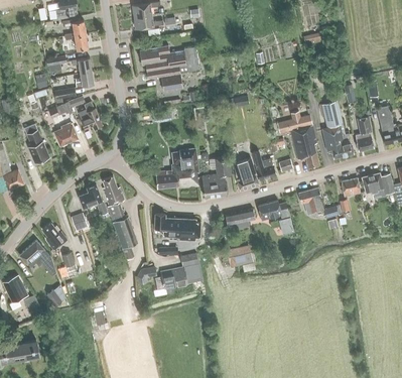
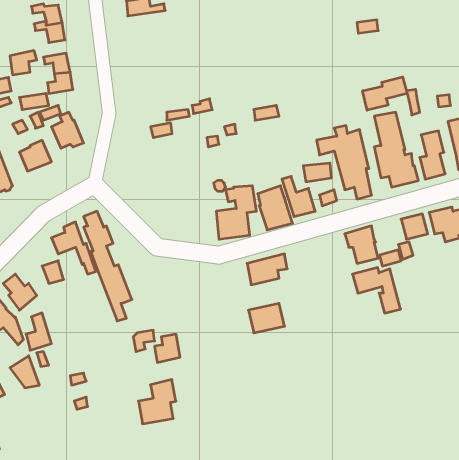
building: [139,44,199,91] -> none
building: none -> [363,77,407,110]
building: [155,147,198,188] -> none
building: [258,200,294,234] -> [352,268,401,313]
building: [154,214,199,241] -> none
building: [171,252,199,285] -> [138,380,176,424]

